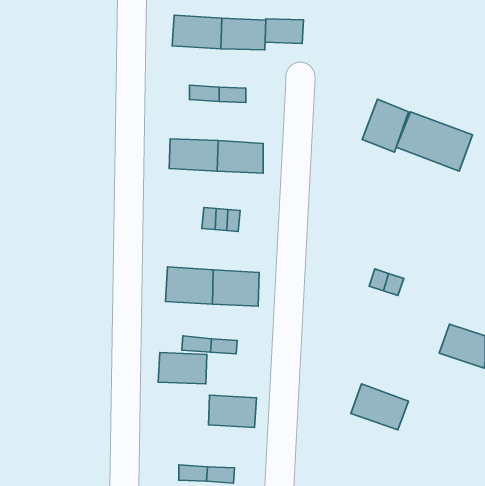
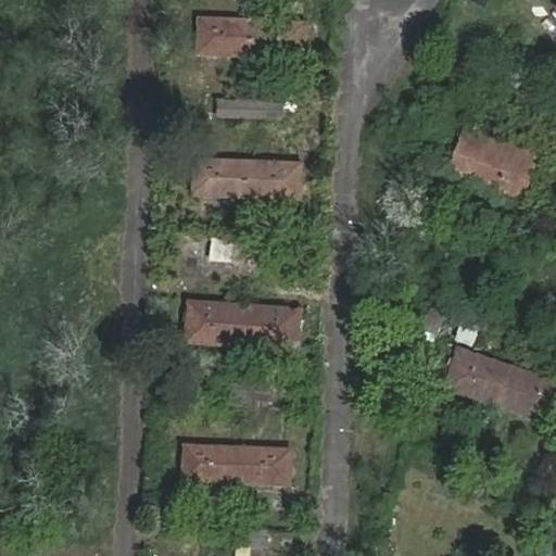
building: [265,19,304,43] -> none
building: [362,99,408,152] -> none
building: [158,352,207,384] -> [182,446,238,482]
building: [351,384,408,430] -> [445,349,510,401]

